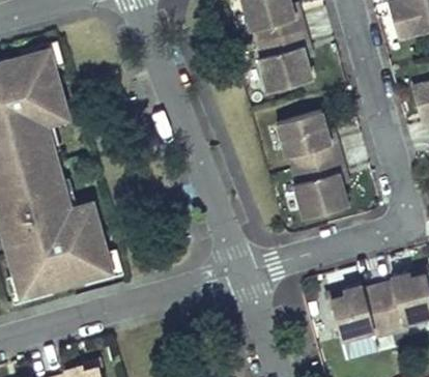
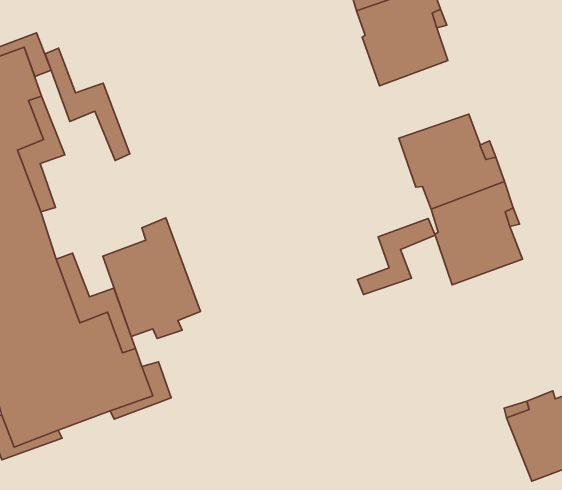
building: none -> [45,48,130,160]
building: none -> [103,218,201,339]
building: none -> [358,218,435,294]

